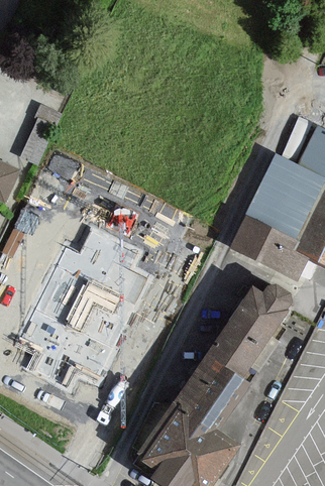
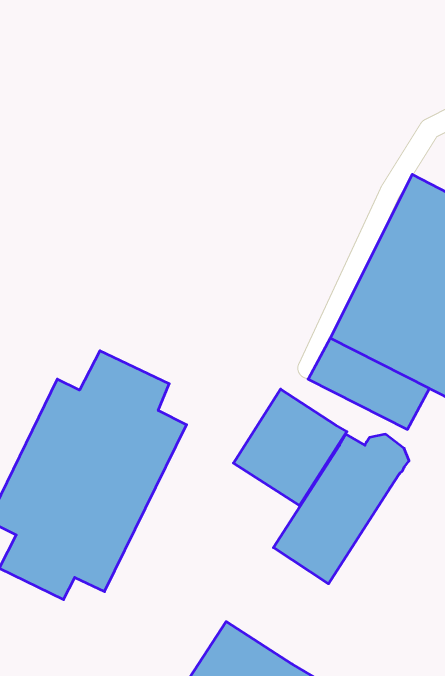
building: [177,355,249,430] -> [233,389,347,506]

